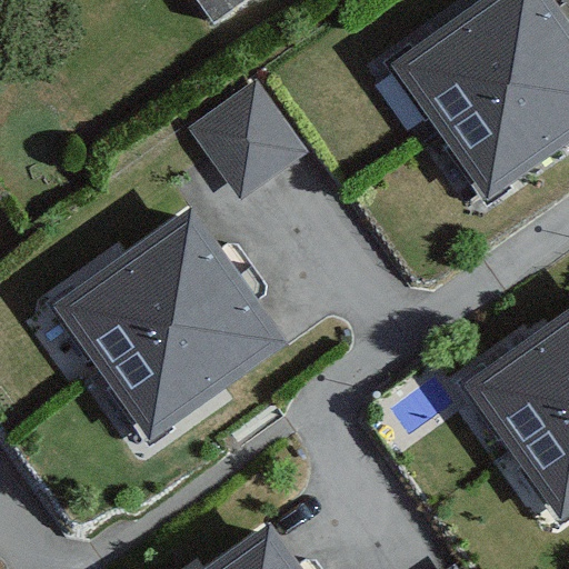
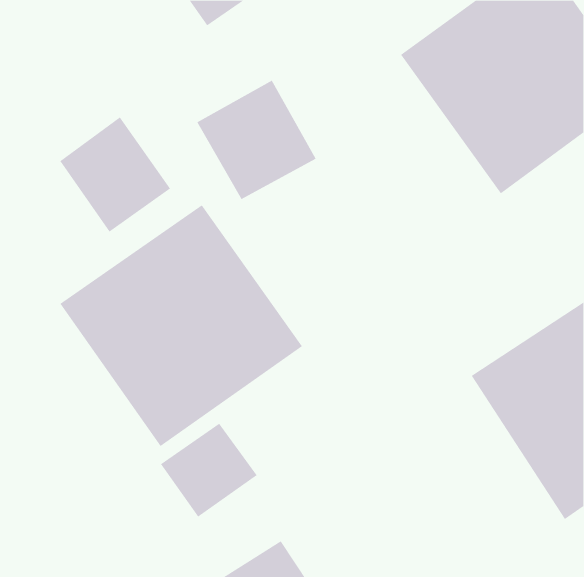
building: none -> [59,117,171,232]
building: none -> [160,423,258,518]

